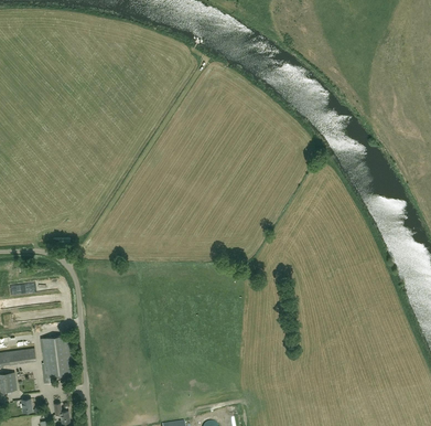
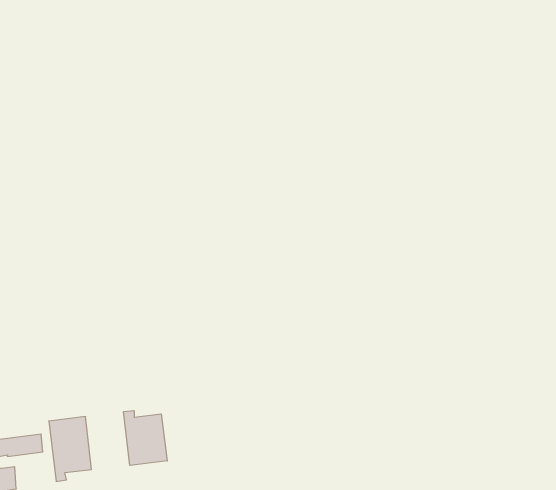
building: none -> [124,411,167,465]

